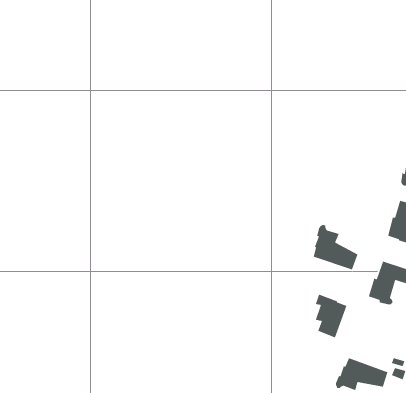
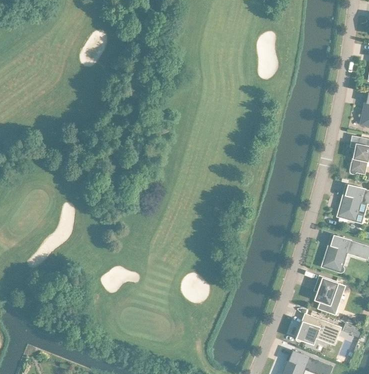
building: [313,224,359,270] -> none
building: [315,293,348,338] -> [316,276,343,313]

